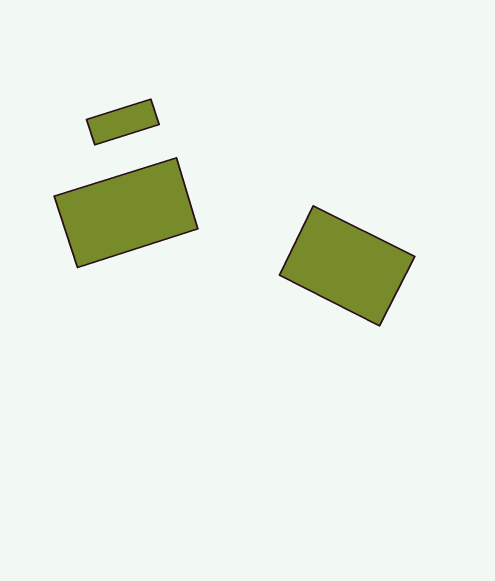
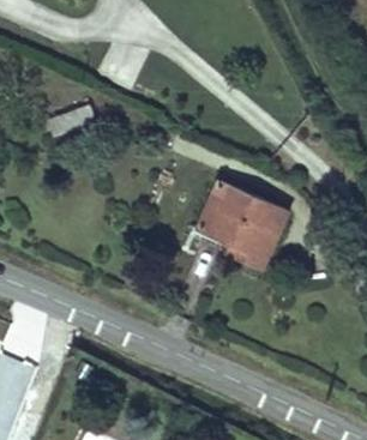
building: [54,158,198,268] -> none

